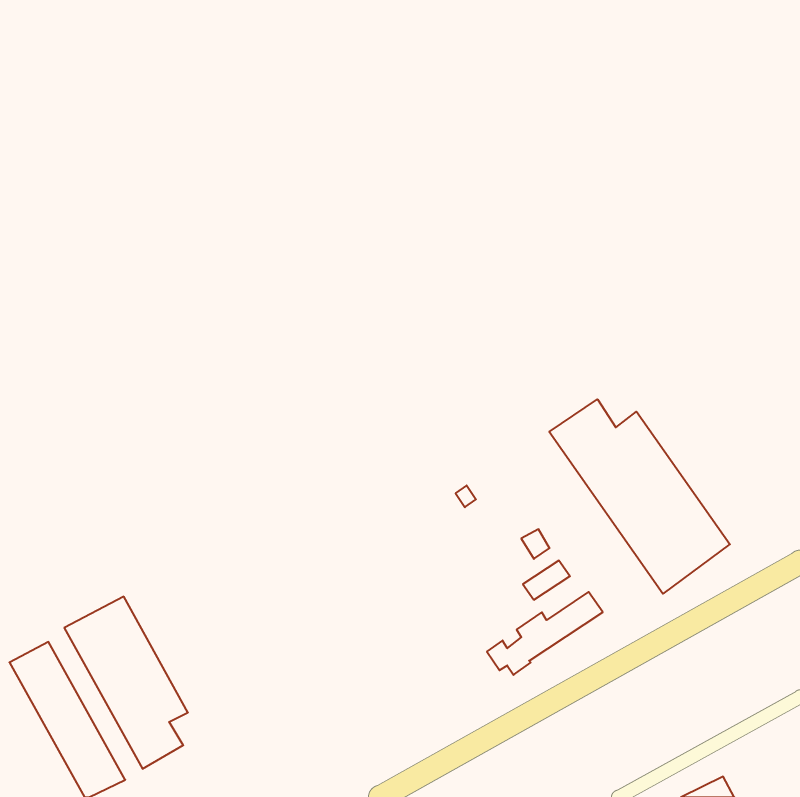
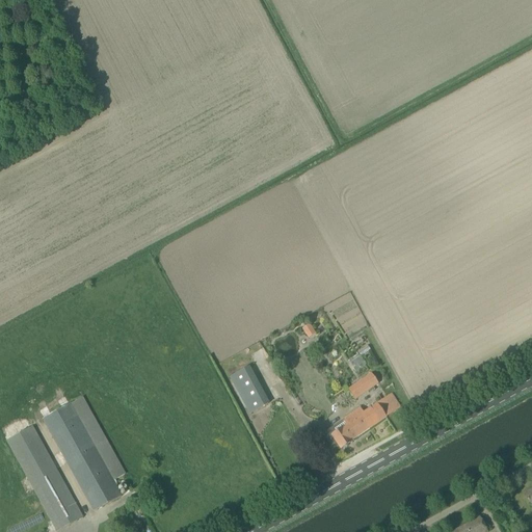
building: [549,399,730,594] -> none
building: none -> [230,366,268,413]

